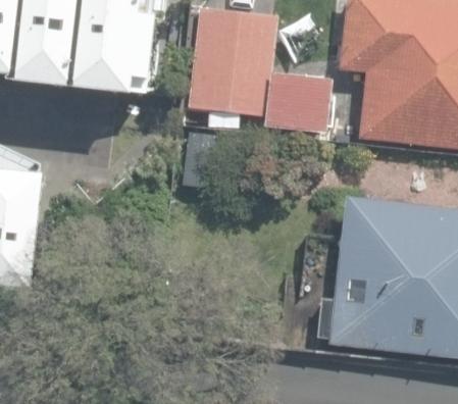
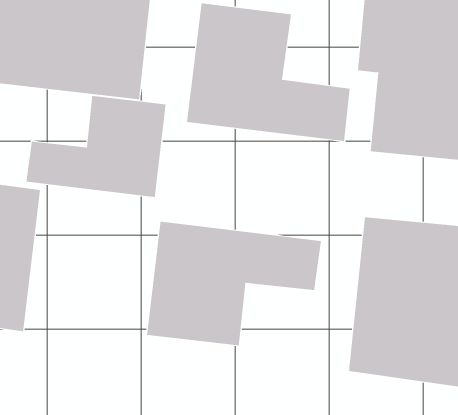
building: none -> [26,95,166,198]
building: none -> [147,221,321,346]

